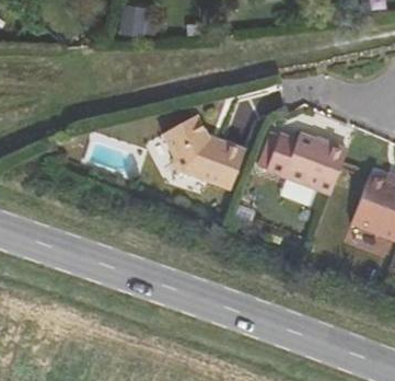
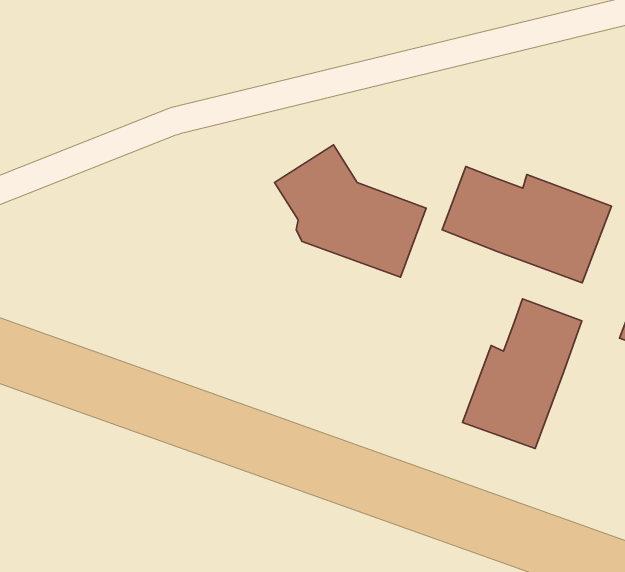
building: none -> [463,299,582,449]

